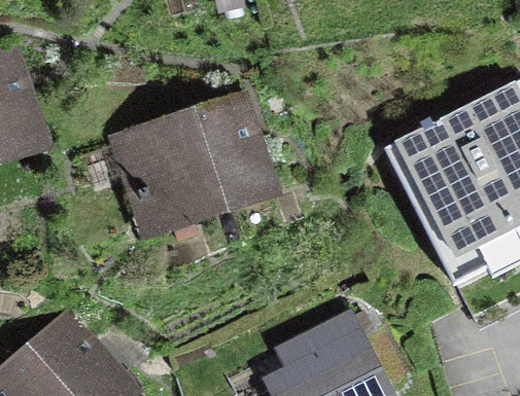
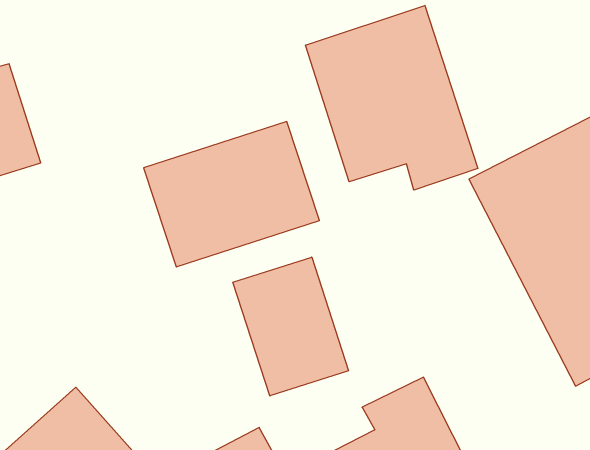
building: none -> [306,5,478,190]
building: none -> [233,257,349,396]

